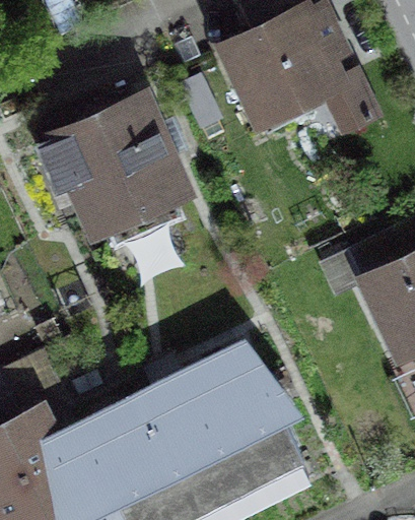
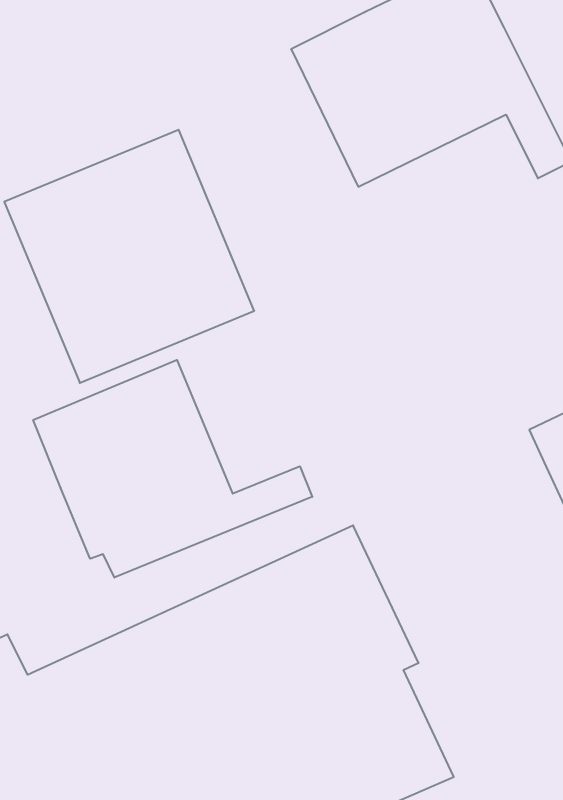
building: none -> [33,360,312,578]

